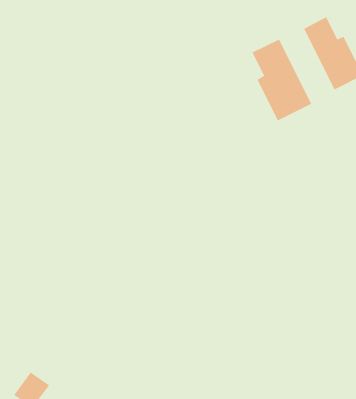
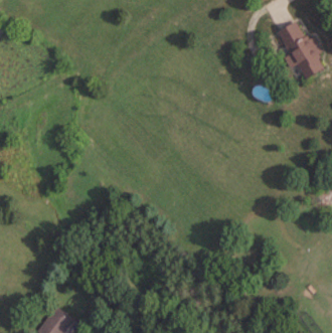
building: [251,39,312,122] -> none

